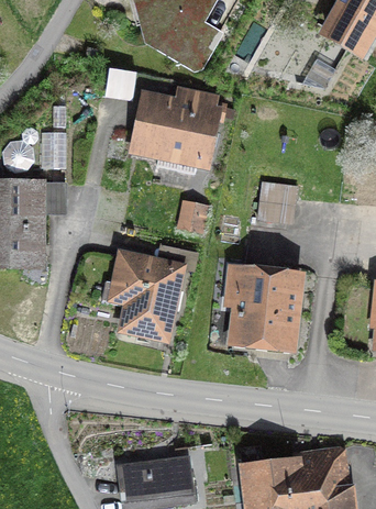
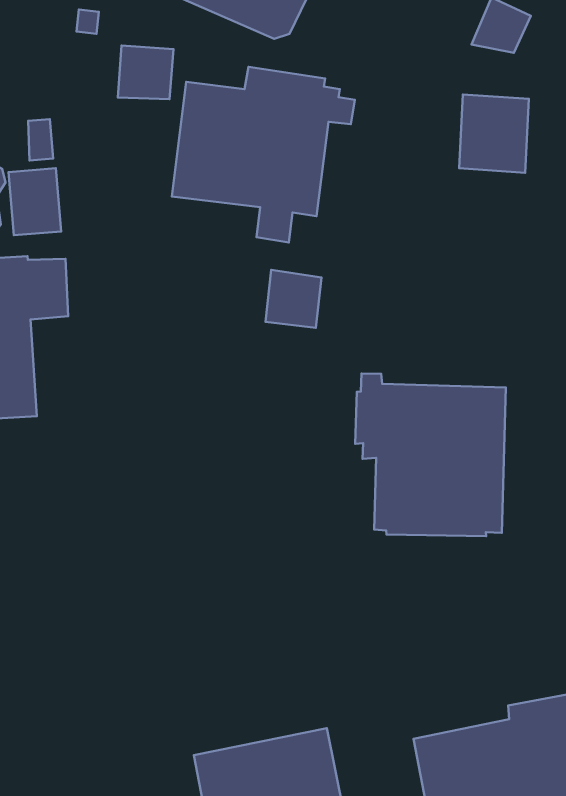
building: [257,179,299,225] -> [459,94,529,173]
building: [100,244,199,344] -> none

